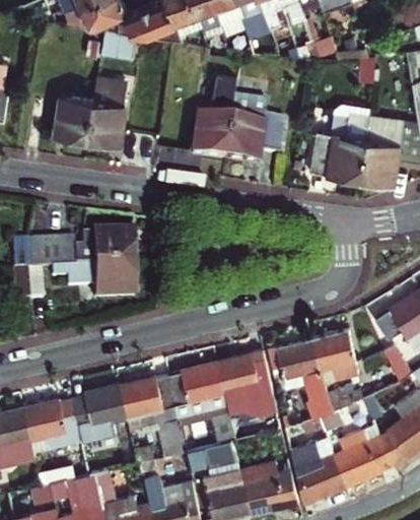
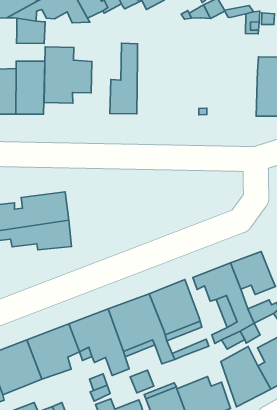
building: [227,92,287,160] -> [44,47,92,103]
building: [316,100,373,176] -> none

